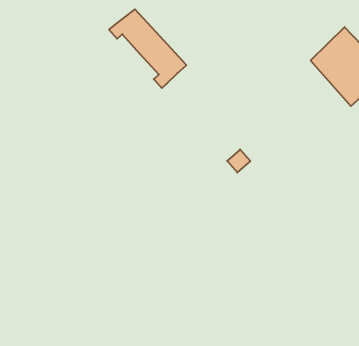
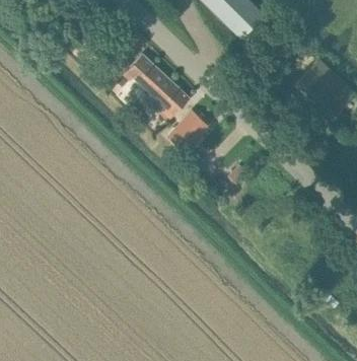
building: none -> [168,112,209,153]

